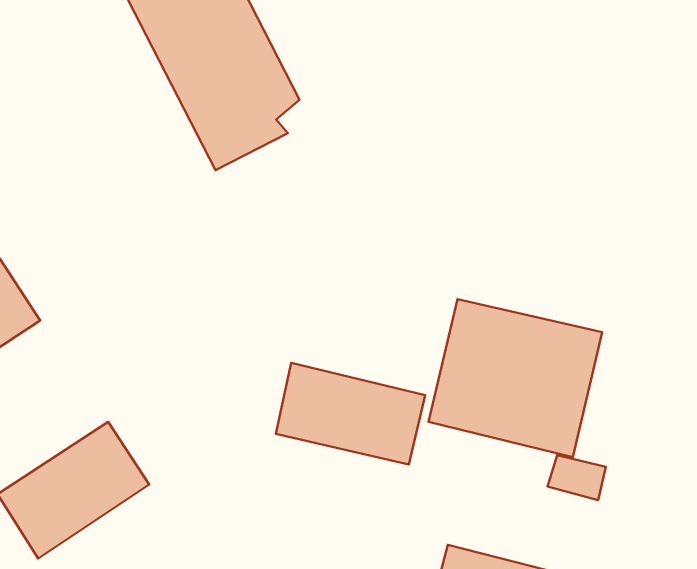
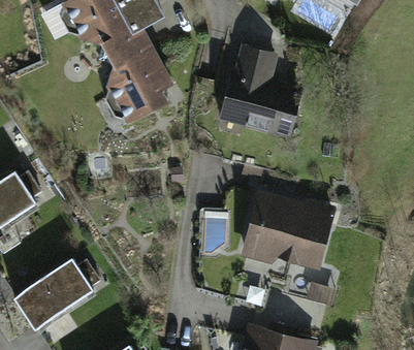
building: none -> [220,44,302,137]
building: [276,363,425,464] -> none

